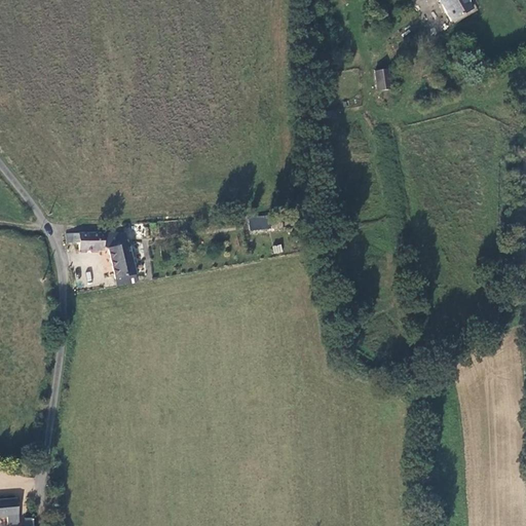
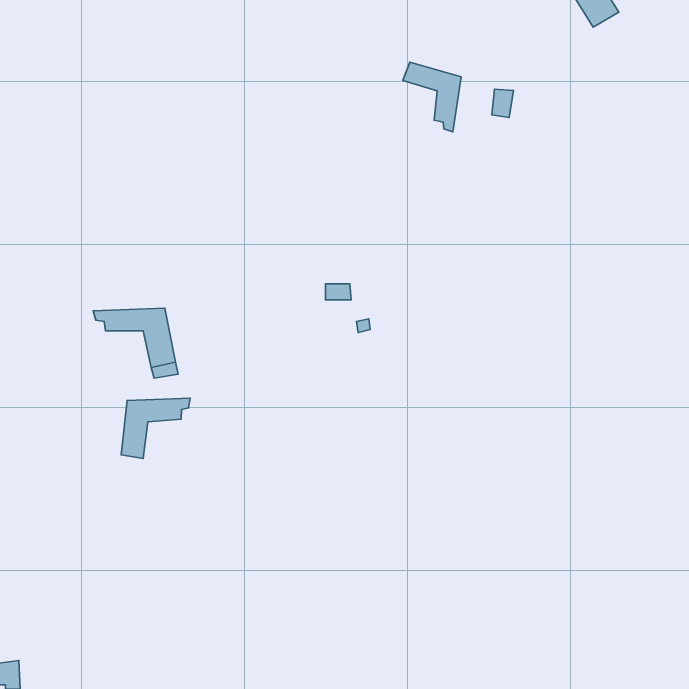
building: none -> [403,62,461,132]
building: none -> [121,398,190,458]

